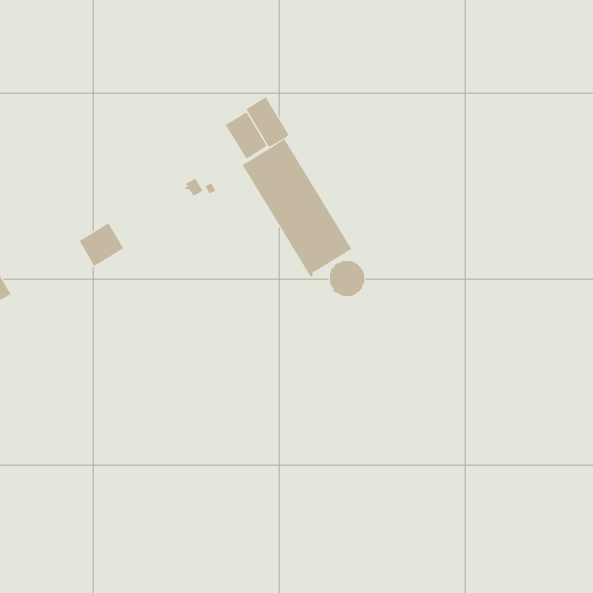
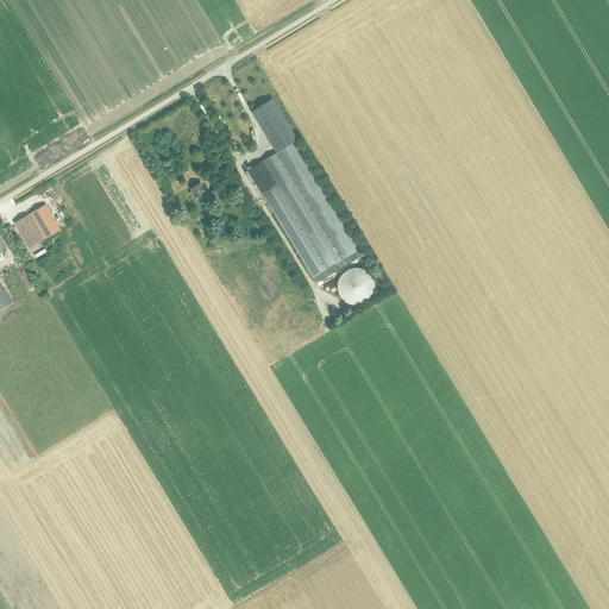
building: [225,111,268,159] -> none
building: [79,223,124,267] -> [13,202,59,247]

